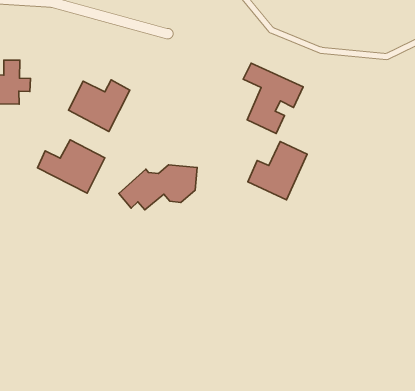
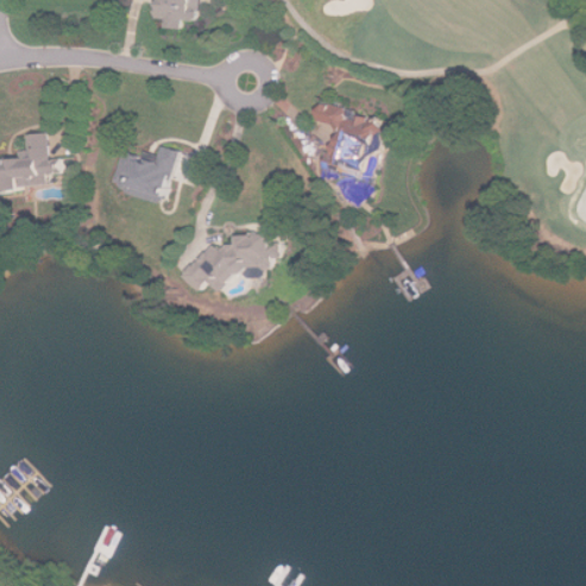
building: [38,140,105,193] -> none
building: [248,141,307,200] -> none

